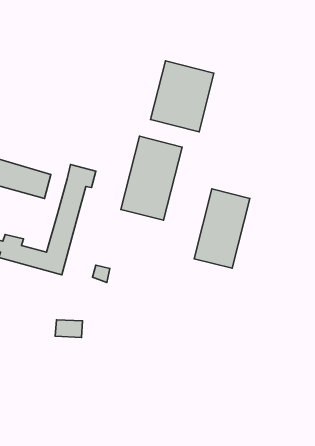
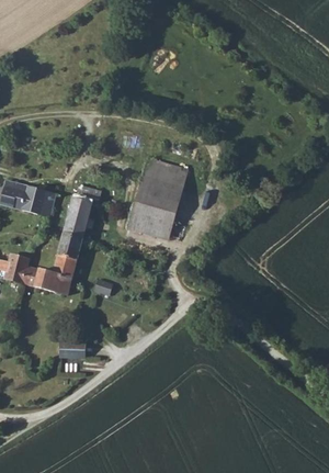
building: [150,61,214,132] -> none
building: [194,189,250,268] -> none

